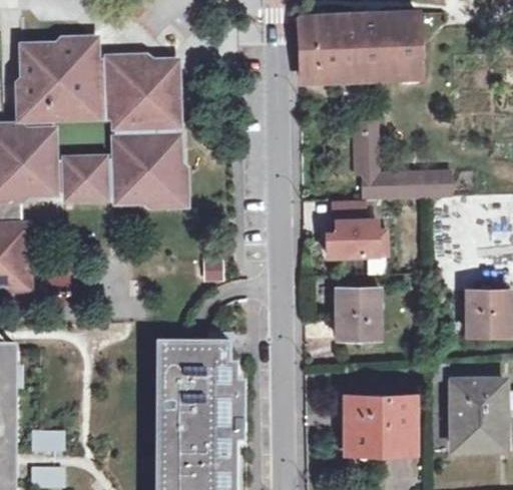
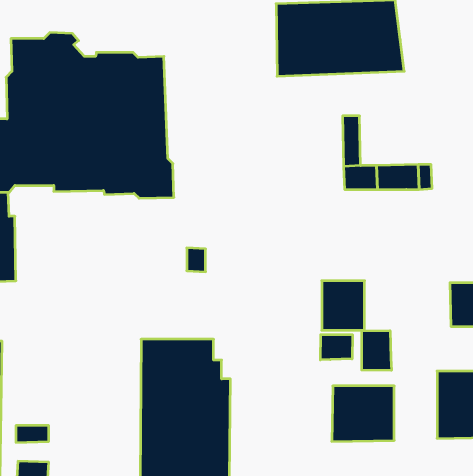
building: [320,200,384,259] -> none
building: none -> [362,330,391,370]
building: none -> [320,335,352,360]

